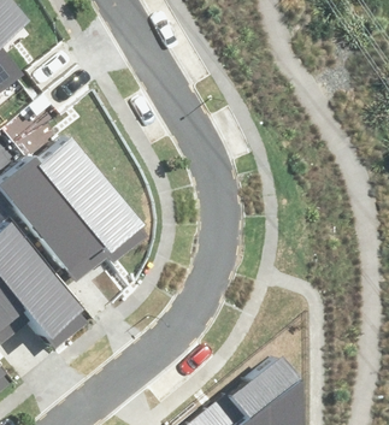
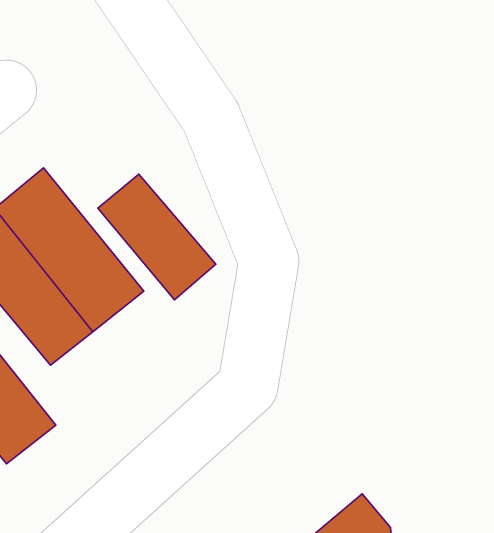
building: none -> [98,174,216,300]

